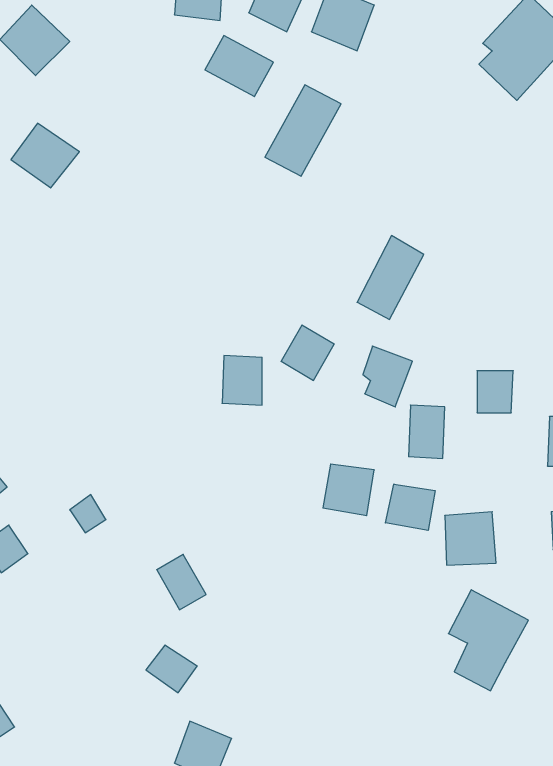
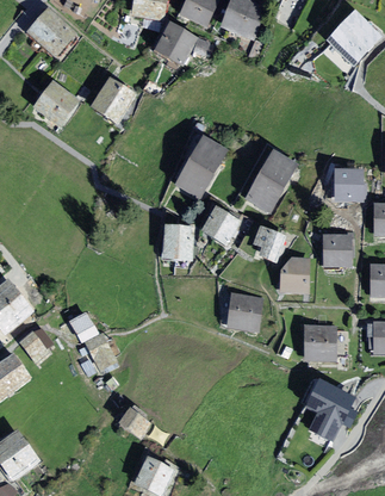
building: [265,85,341,176] -> [179,137,226,194]
building: none -> [92,80,136,124]
building: none -> [334,170,361,200]
building: [385,484,435,530] -> none
building: [157,554,206,610] -> [83,335,114,370]

